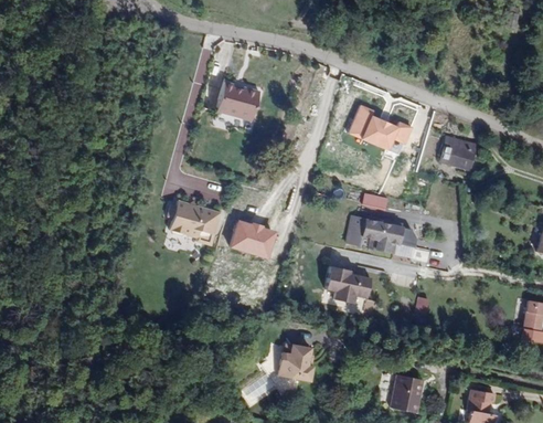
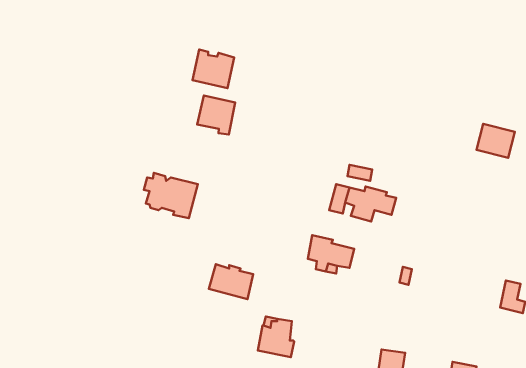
building: [349,103,413,152] -> none
building: none -> [197,96,235,135]
building: [439,135,477,168] -> [476,124,515,158]
building: [232,224,275,258] -> [209,264,253,299]

